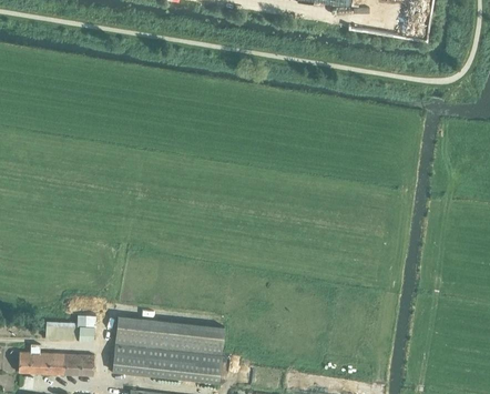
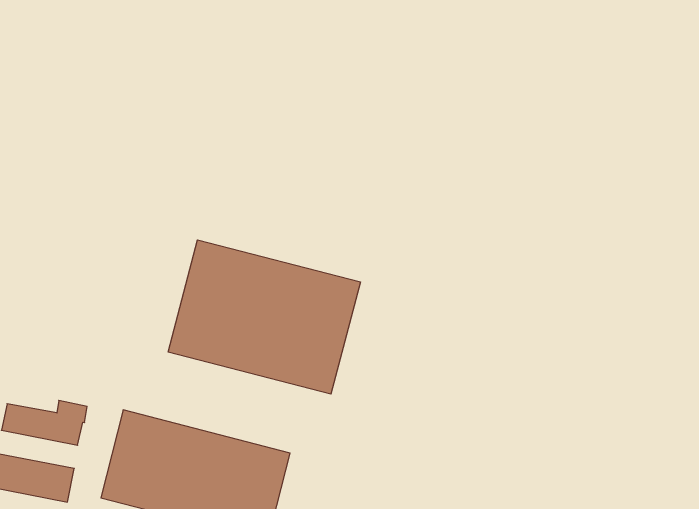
building: none -> [168,240,360,394]

